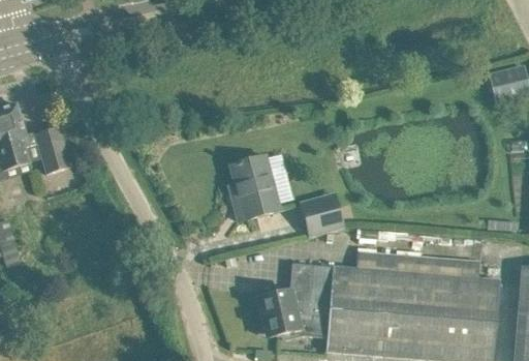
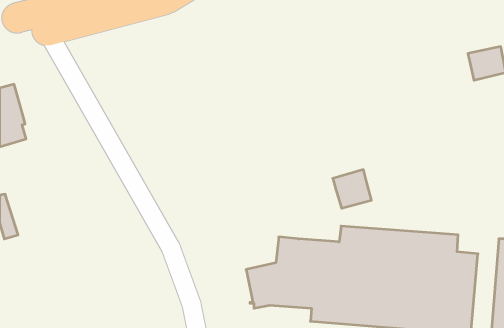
building: [26,126,70,174] -> none
building: [230,155,279,220] -> none
building: [302,193,342,234] -> [333,170,371,208]

